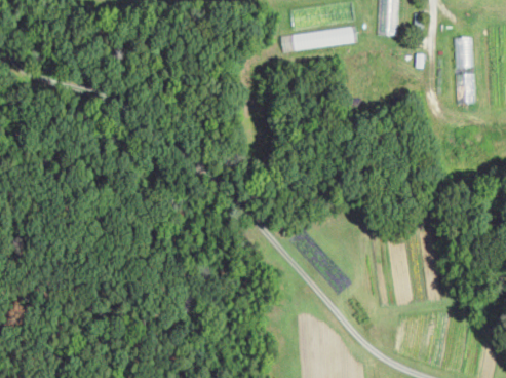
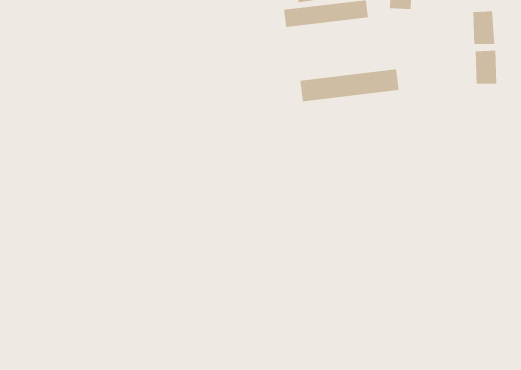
building: none -> [300,68,399,102]

